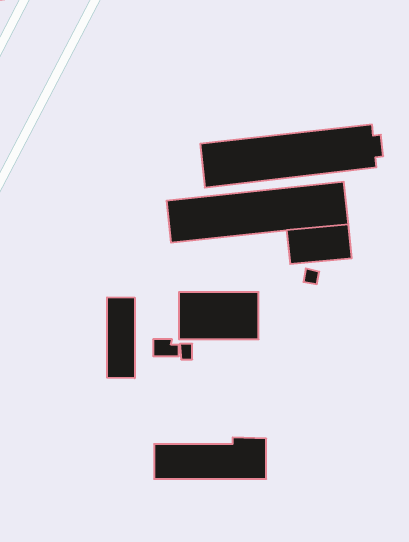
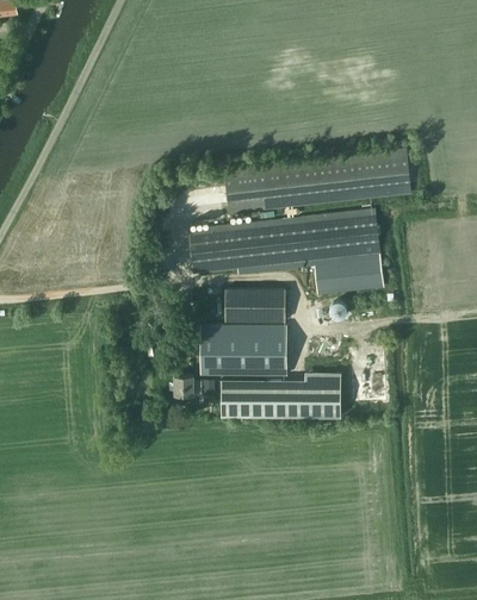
building: none -> [224,290,285,321]
building: [107,297,135,378] -> none
building: [154,437,266,479] -> [221,373,340,417]

